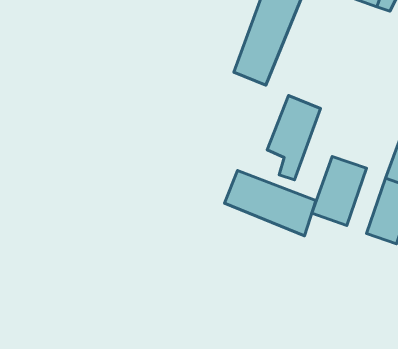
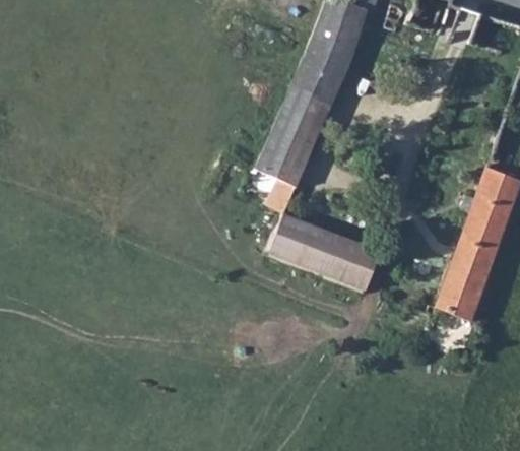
building: [267,95,320,180] -> [260,105,323,204]
building: [312,157,367,225] -> none

